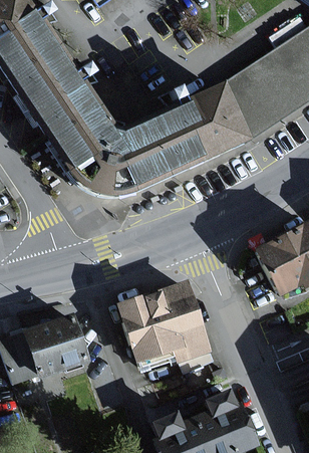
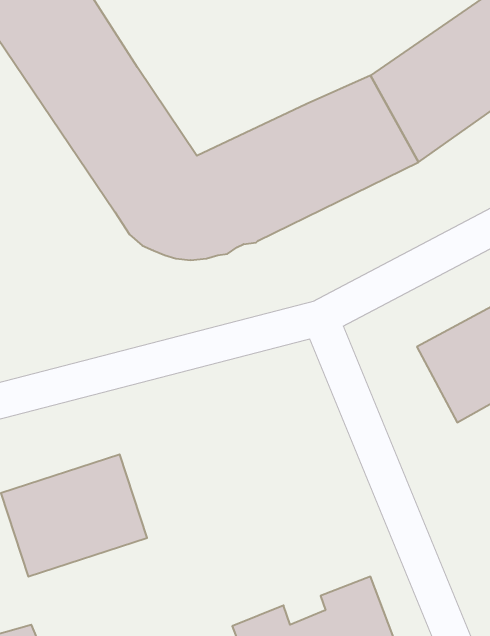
building: [126,281,211,369] -> none

